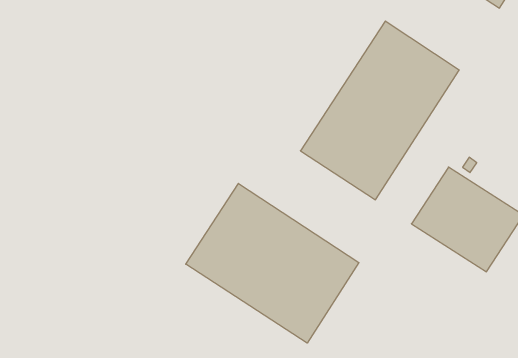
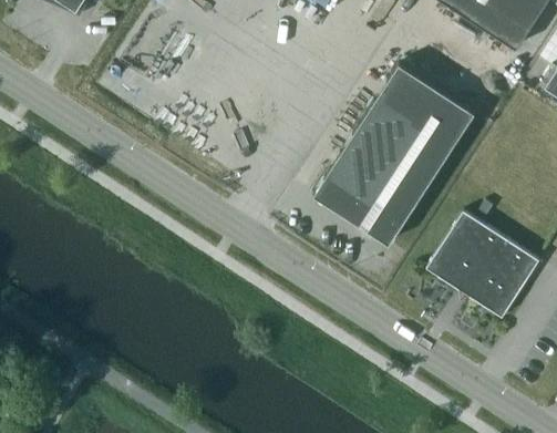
building: [186,183,359,343] -> none

